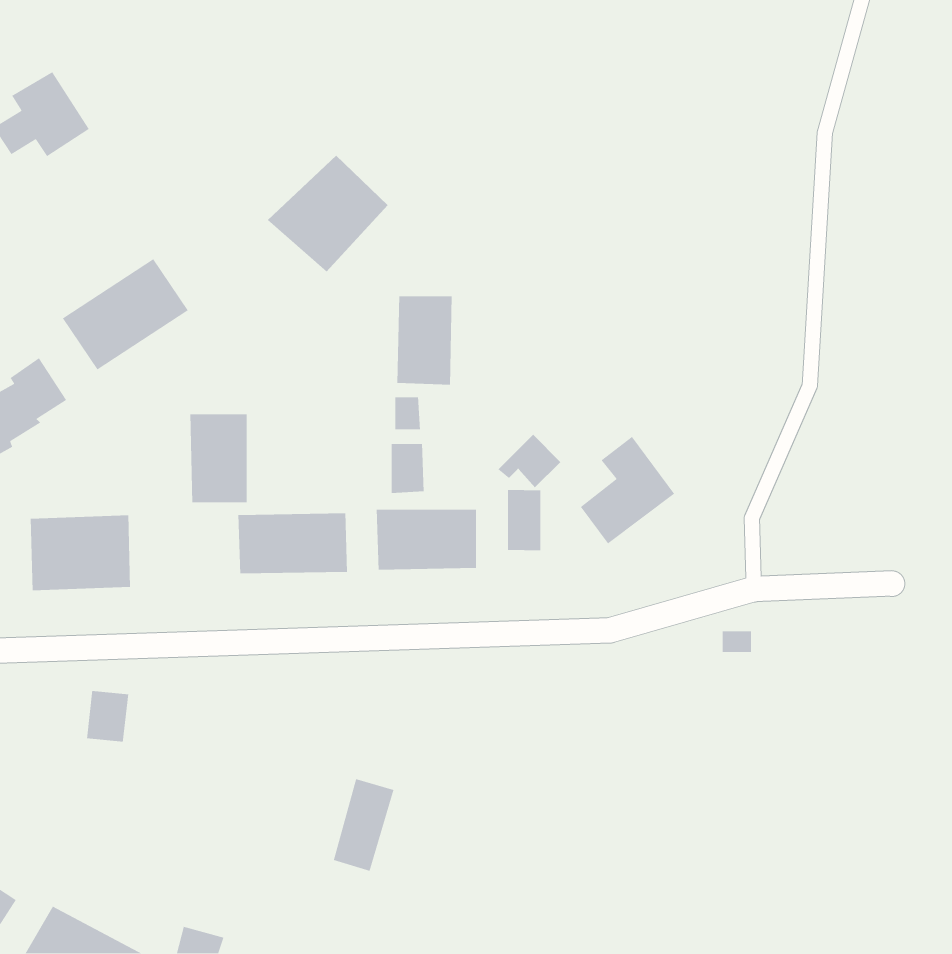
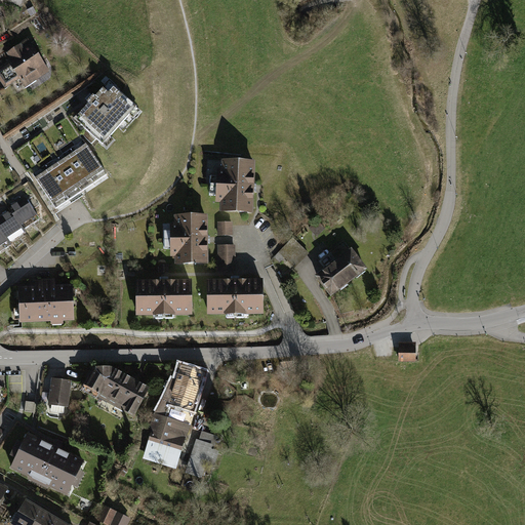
building: [267,155,388,273] -> [73,81,139,146]
building: [190,413,248,503] -> [174,215,206,265]
building: [507,489,541,551] -> none
building: none -> [165,362,203,409]
building: none -> [78,365,149,416]
building: none -> [138,411,187,466]
building: none -> [17,435,98,499]

